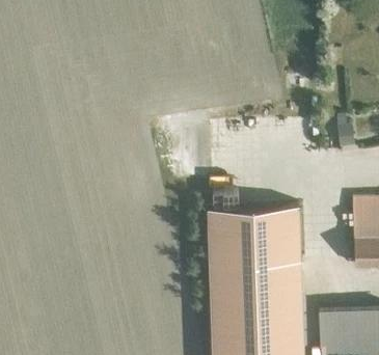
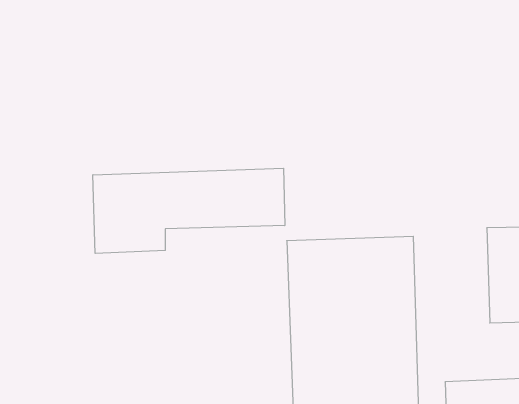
building: none -> [93,168,285,253]

